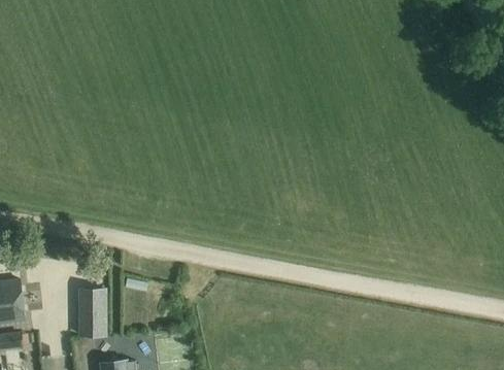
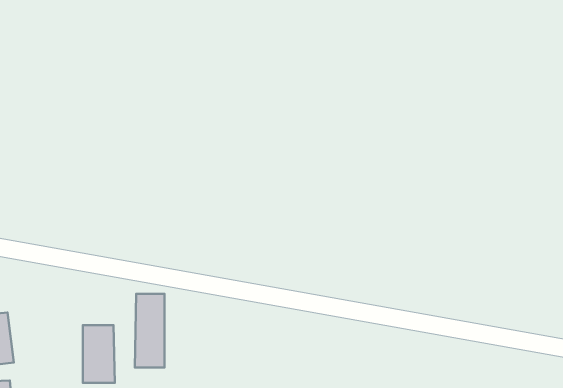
building: none -> [135,294,165,367]

